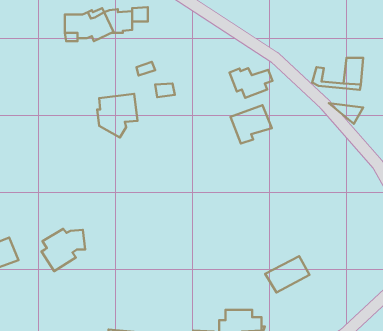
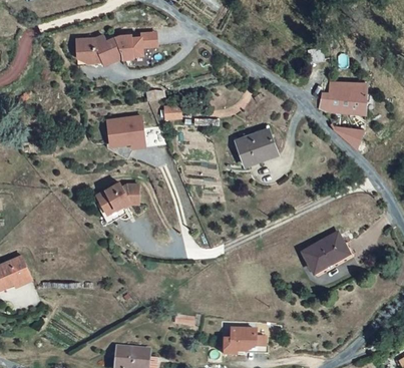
building: none -> [325,81,349,107]
building: [230,68,272,98] -> none
building: [42,229,85,271] -> [100,186,142,227]
building: [265,256,310,292] -> [306,235,349,270]

